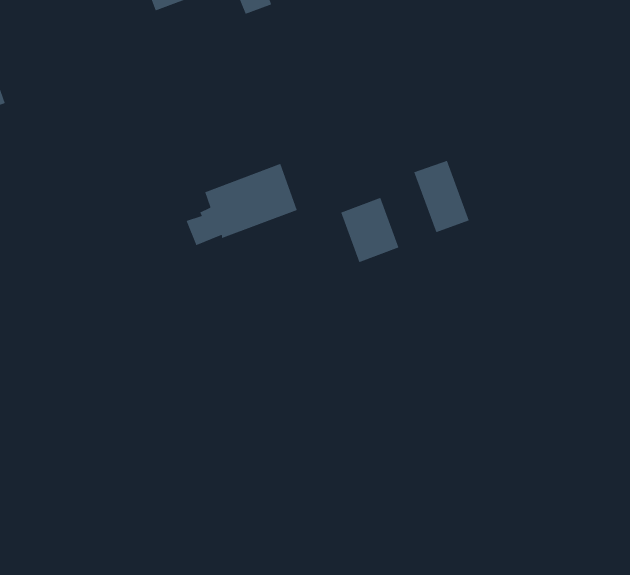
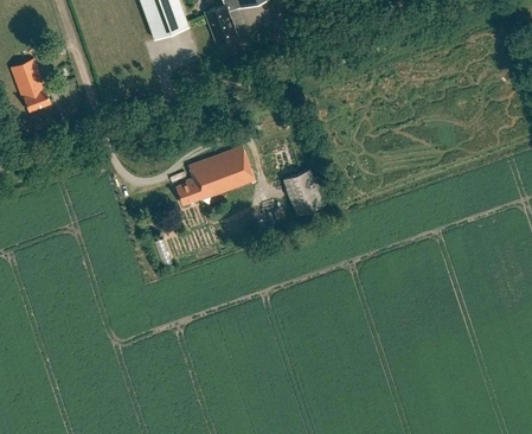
building: [413,160,470,233] -> none

